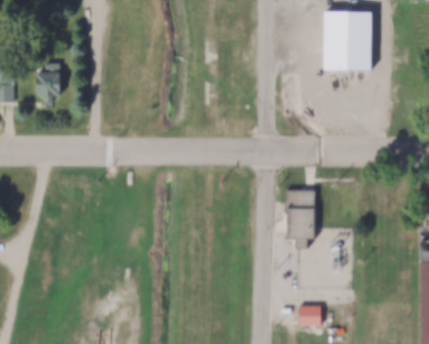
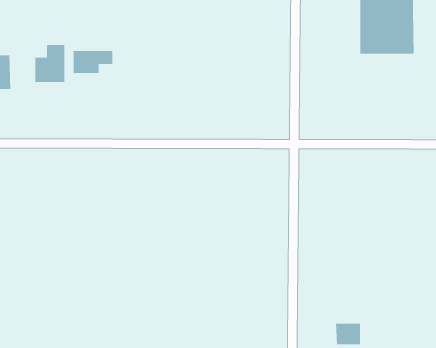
building: none -> [73,50,113,74]
building: [286,189,316,239] -> none

